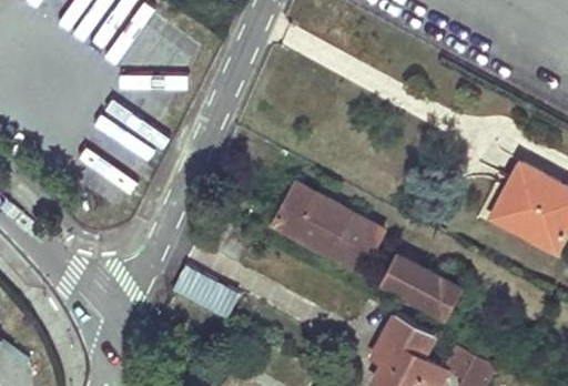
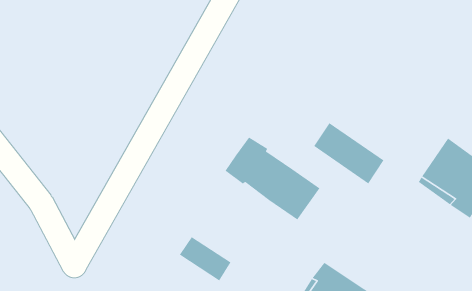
building: [379,255,462,321] -> [313,122,385,184]
building: [173,266,233,314] -> [179,236,231,282]

